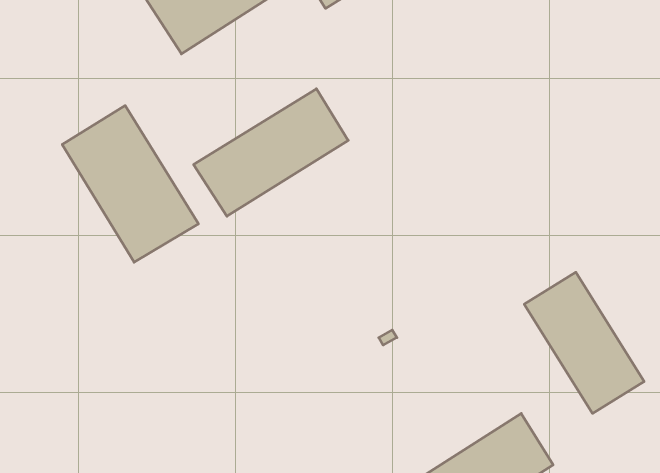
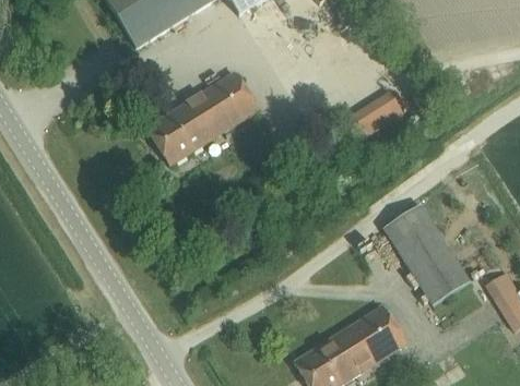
building: [62,106,198,262] -> none
building: none -> [344,92,403,140]

